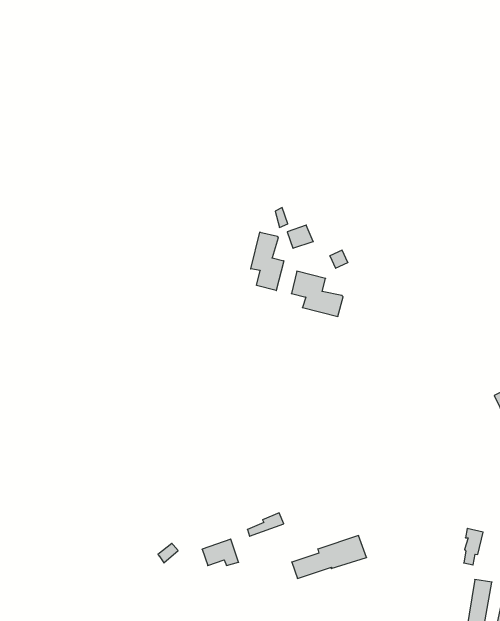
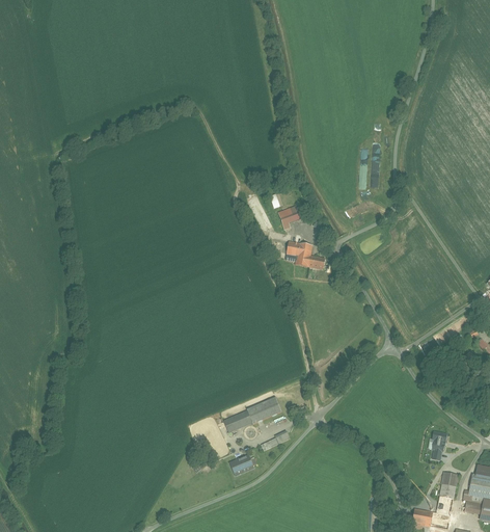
building: [251,232,284,291] -> none
building: [292,536,367,578] -> [225,394,283,430]

